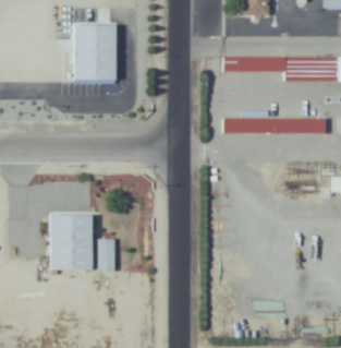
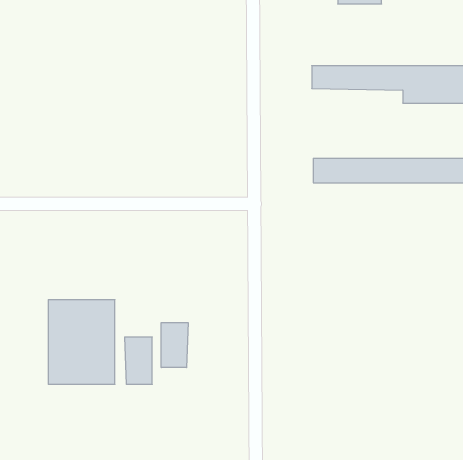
building: [62,22,119,82] -> none
building: none -> [161,323,188,368]

